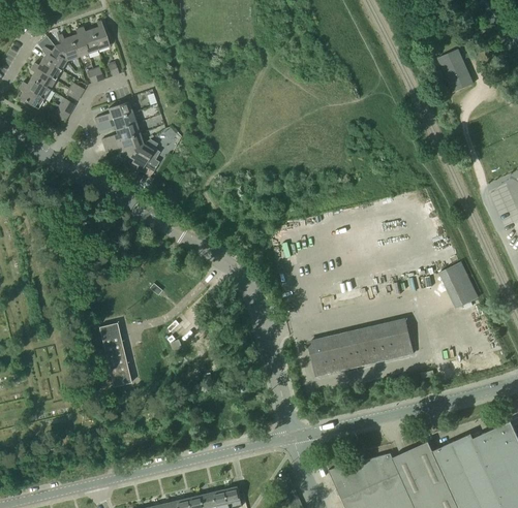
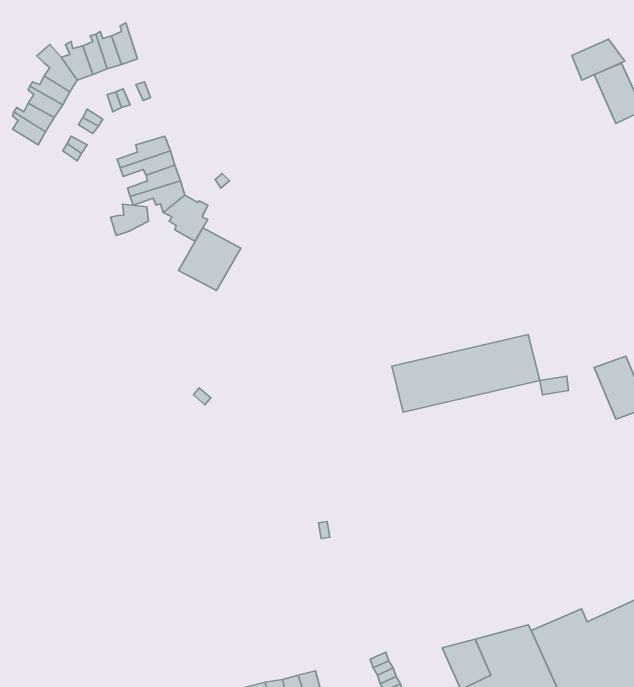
building: none -> [572,39,625,80]
building: none -> [110,204,148,235]
building: none -> [179,228,241,291]
building: [307,321,414,377] -> [392,335,540,412]
building: [98,323,131,387] -> none

